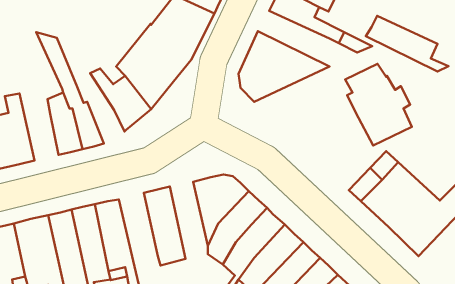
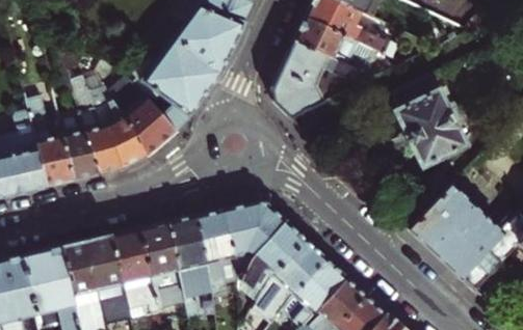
building: [366,16,449,72] -> [295,18,388,80]
building: none -> [93,87,146,166]
building: none -> [26,97,72,185]
building: none -> [197,209,239,295]
building: none -> [139,221,183,303]

